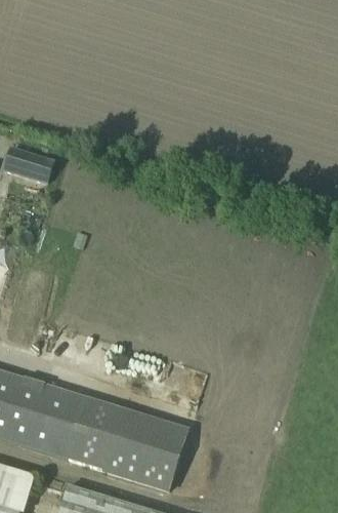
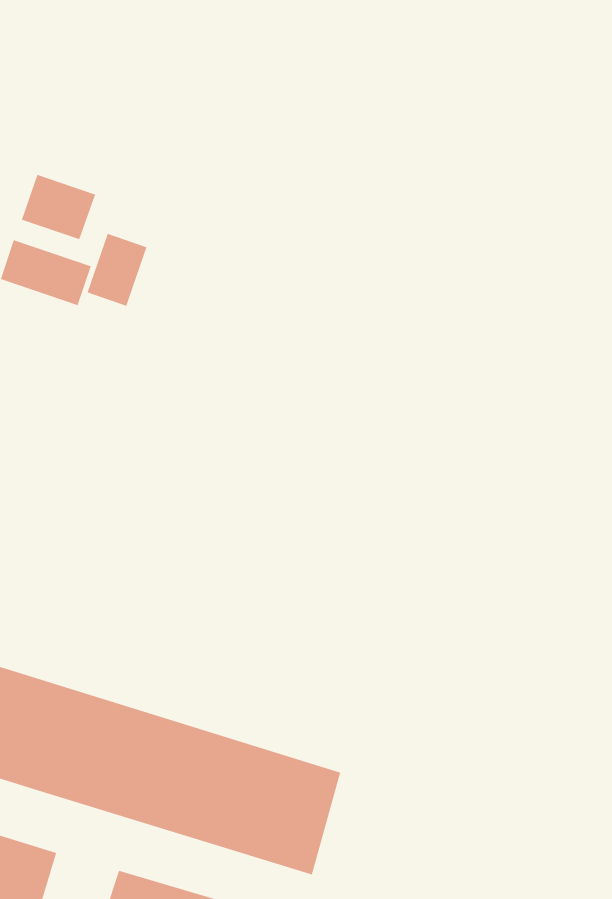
building: none -> [21,174,96,240]
building: none -> [87,233,148,307]

